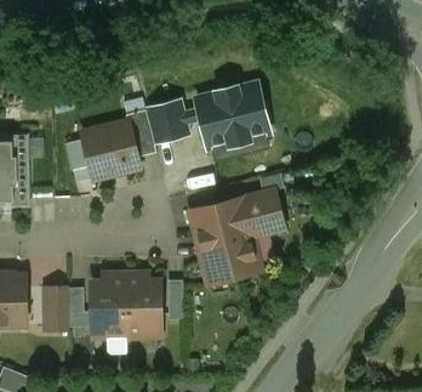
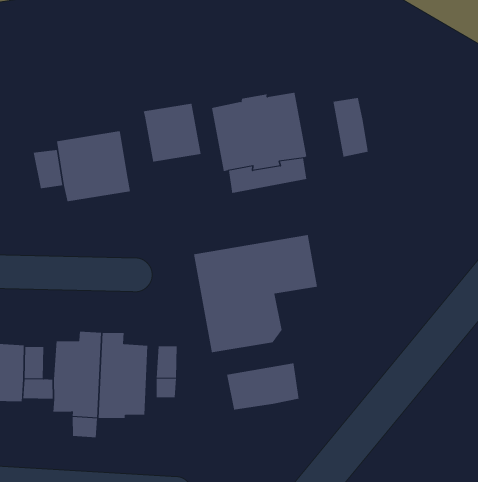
building: none -> [333,97,368,158]
building: [125,109,155,157] -> none
building: none -> [226,362,299,411]

